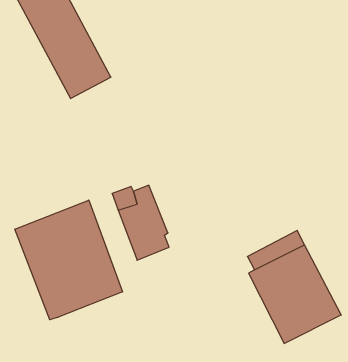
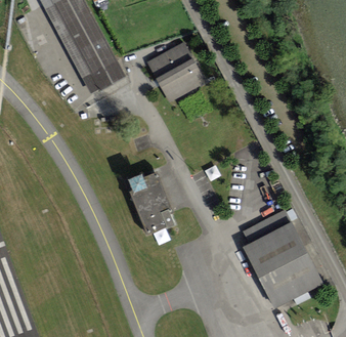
building: none -> [147,41,206,101]
building: [15,200,123,320] -> none

